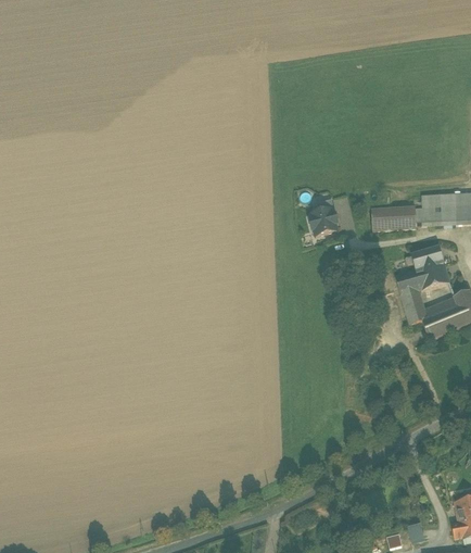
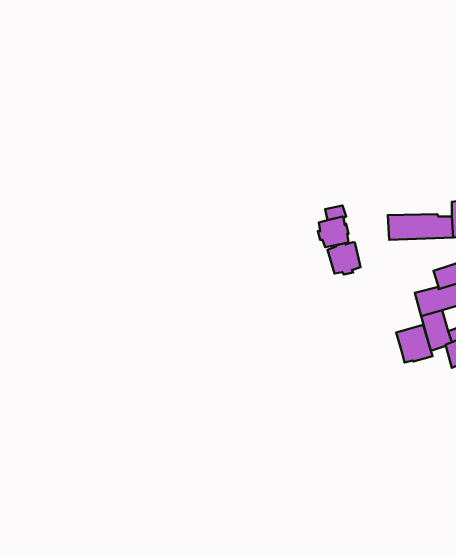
building: none -> [328,242,361,275]
building: none -> [396,325,433,362]

